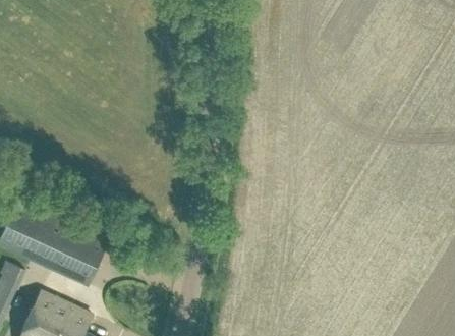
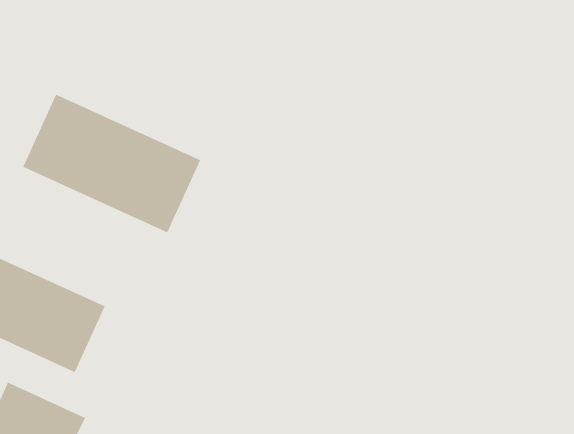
building: none -> [22,94,201,233]

